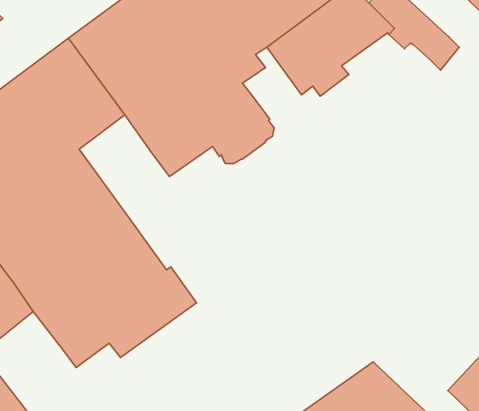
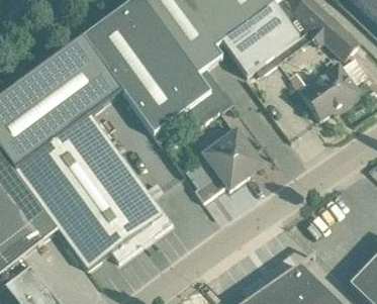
building: none -> [289,62,361,118]
building: none -> [195,125,259,200]

